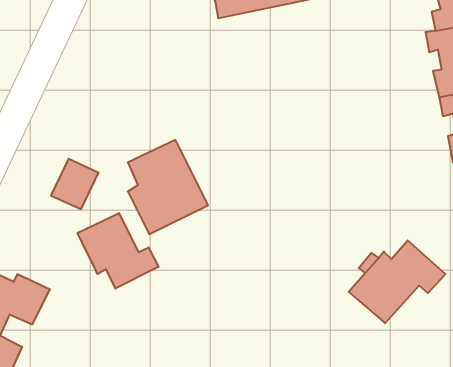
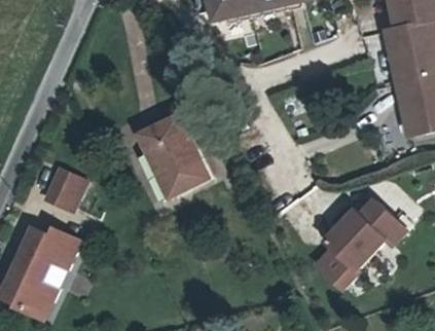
building: [51,159,99,209] -> [44,169,83,210]
building: [78,213,159,289] -> none
building: none -> [310,250,356,297]

